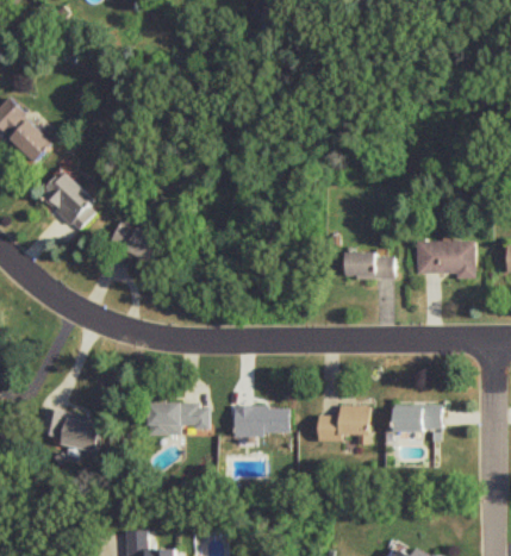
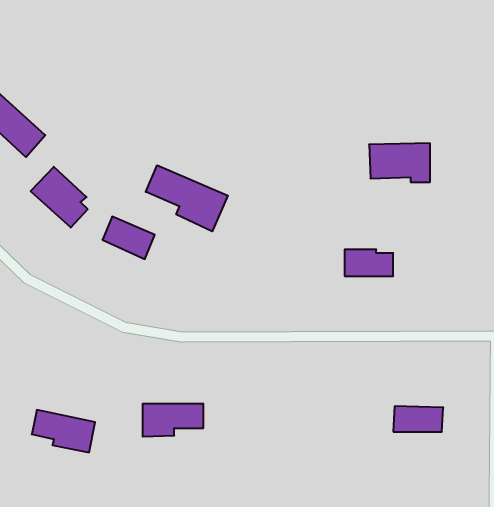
building: none -> [146,165,228,231]
building: [413,239,473,277] -> [369,143,430,182]
building: [232,405,287,437] -> none
building: [317,405,368,444] -> none

